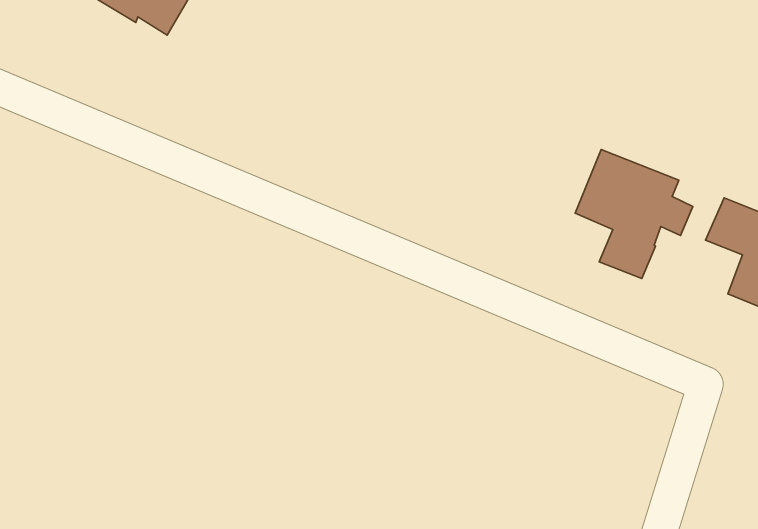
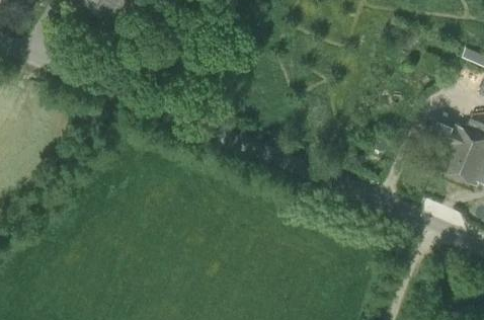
building: [575,150,693,279] -> none

